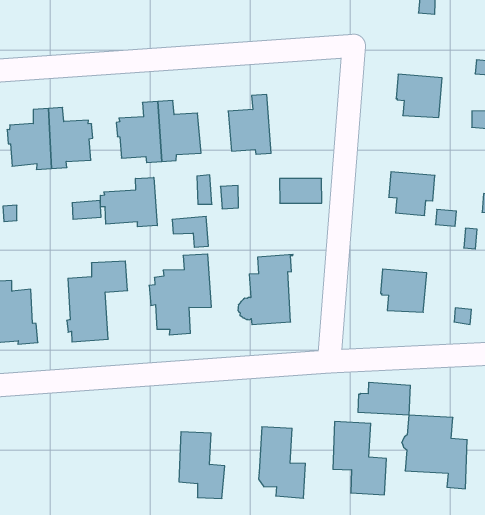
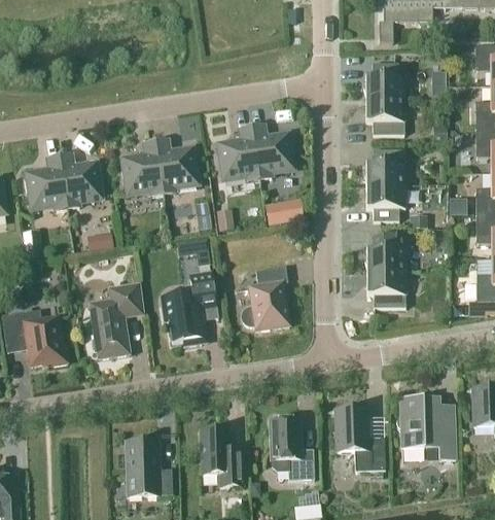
building: none -> [365,62,404,98]
building: none -> [251,124,293,177]
building: none -> [366,148,405,184]
building: [100,177,157,227] -> none
building: none -> [366,235,405,271]
building: [358,382,410,415] -> none
building: none -> [126,440,173,495]

